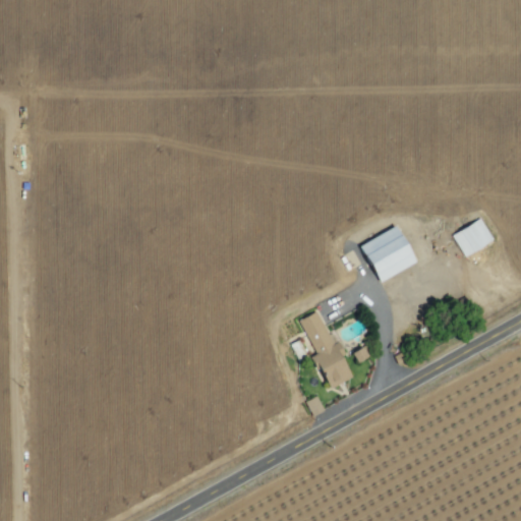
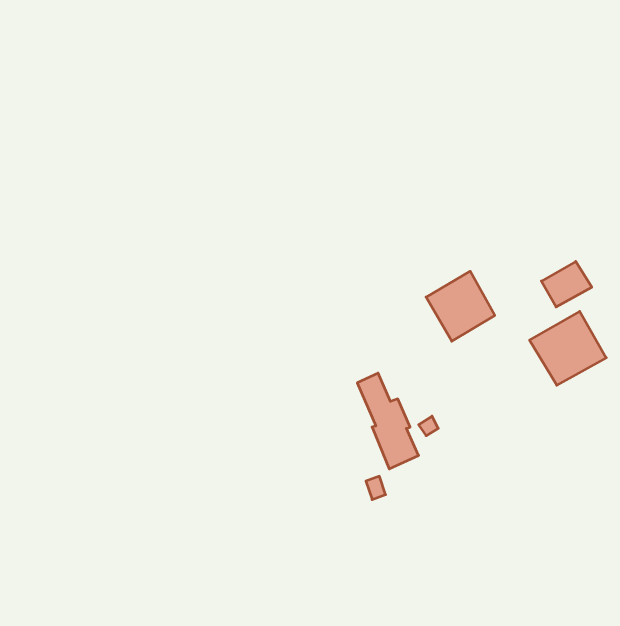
building: none -> [530,311,606,385]

